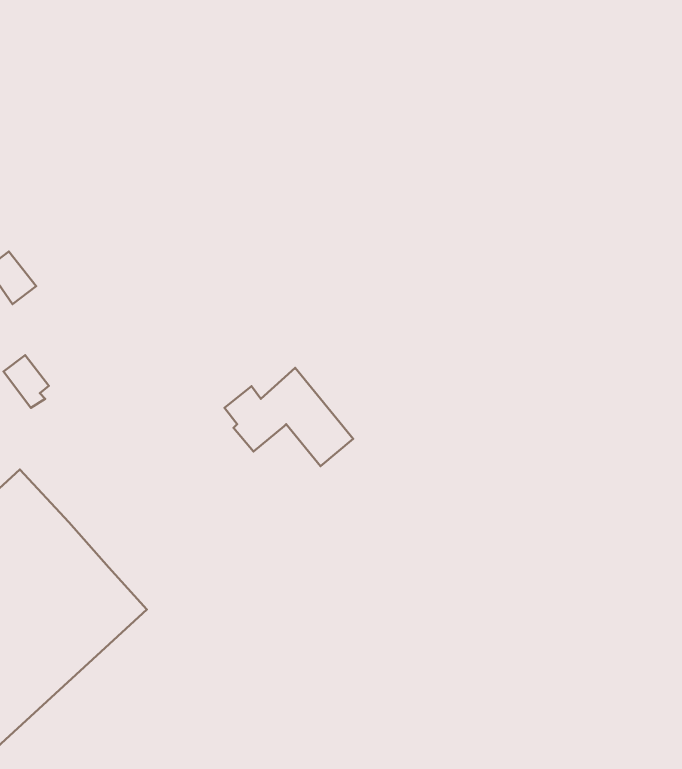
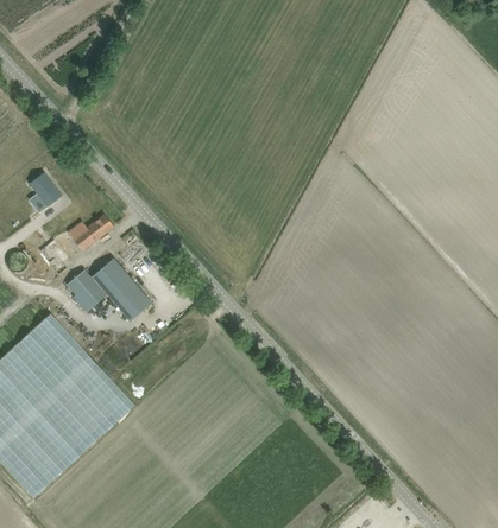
building: none -> [67,214,113,250]
building: [224,368,353,466] -> [67,257,151,322]

